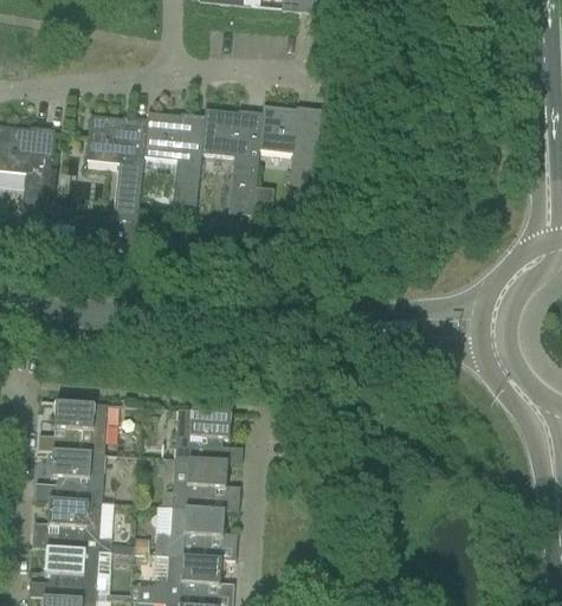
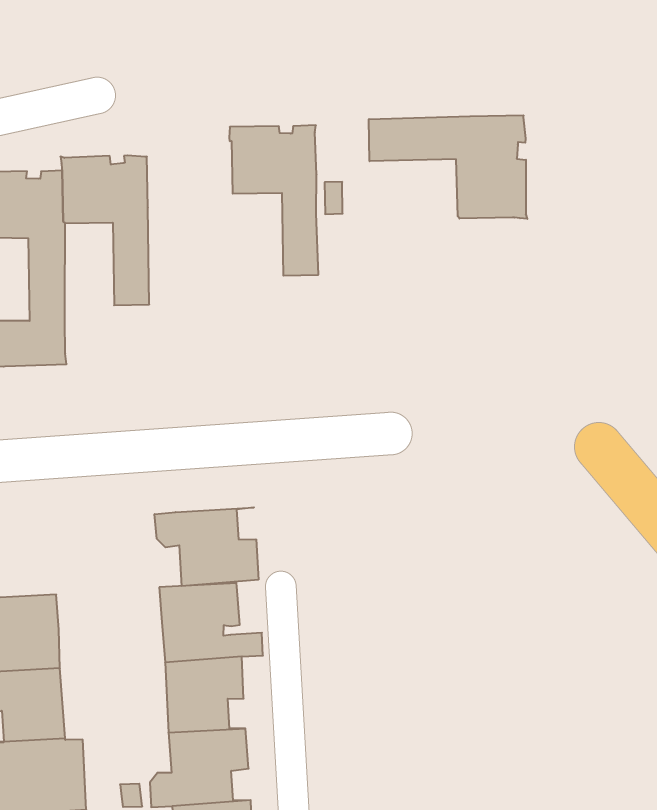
building: [201,108,263,214] -> none
building: none -> [369,115,527,219]
building: none -> [155,507,258,586]

